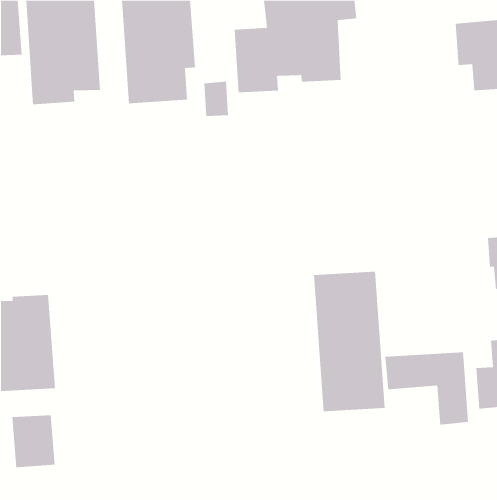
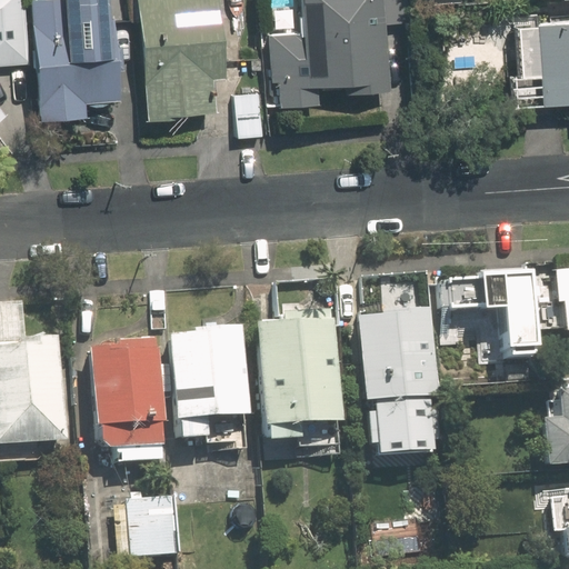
building: none -> [259,309,341,437]
building: none -> [171,327,248,437]
building: none -> [91,338,164,458]
building: [385,352,469,425] -> [440,271,536,355]
building: [12,415,56,468] -> [126,497,176,557]

